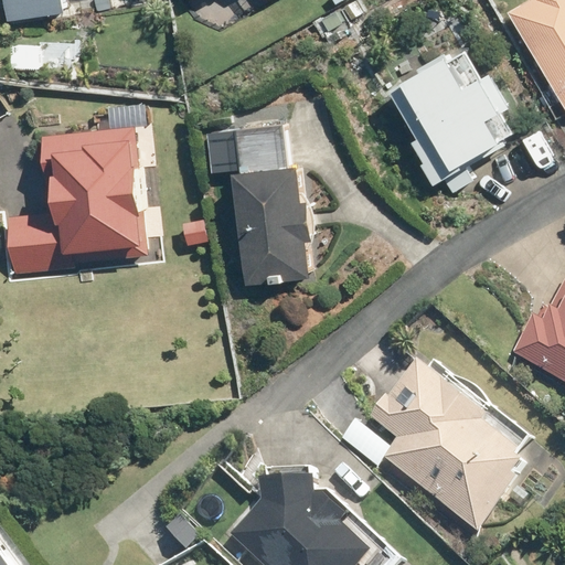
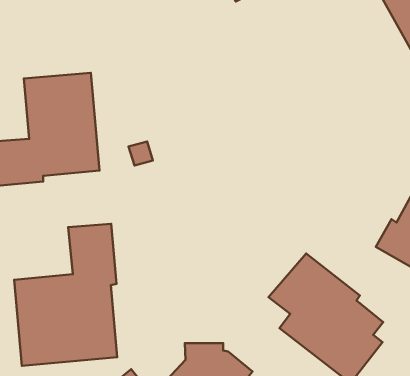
building: [392,47,508,193] -> none
building: [234,124,313,281] -> none
building: none -> [14,224,117,366]

